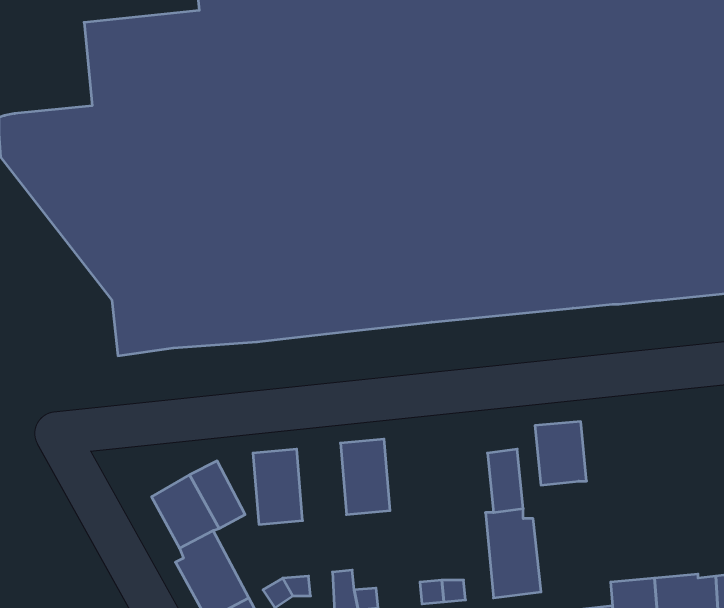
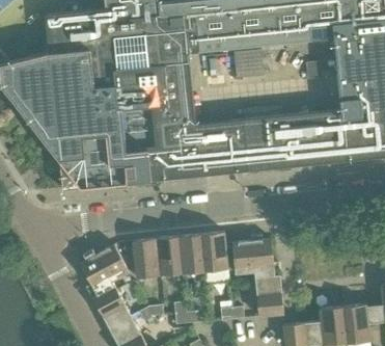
building: [535,422,587,485] -> [231,241,258,274]
building: none -> [201,232,227,271]
building: none -> [156,236,182,276]

